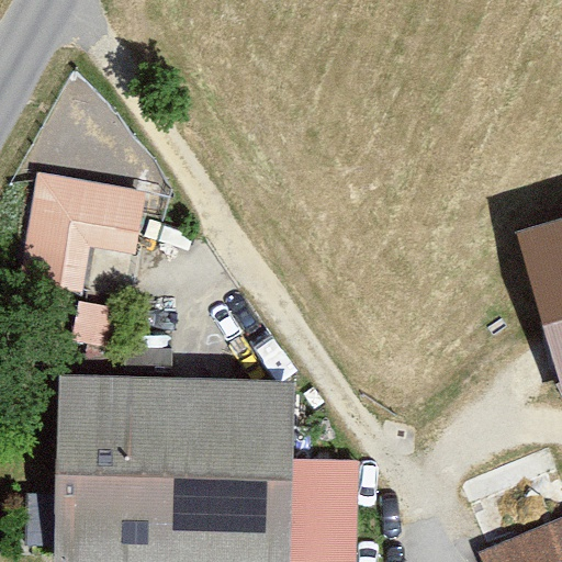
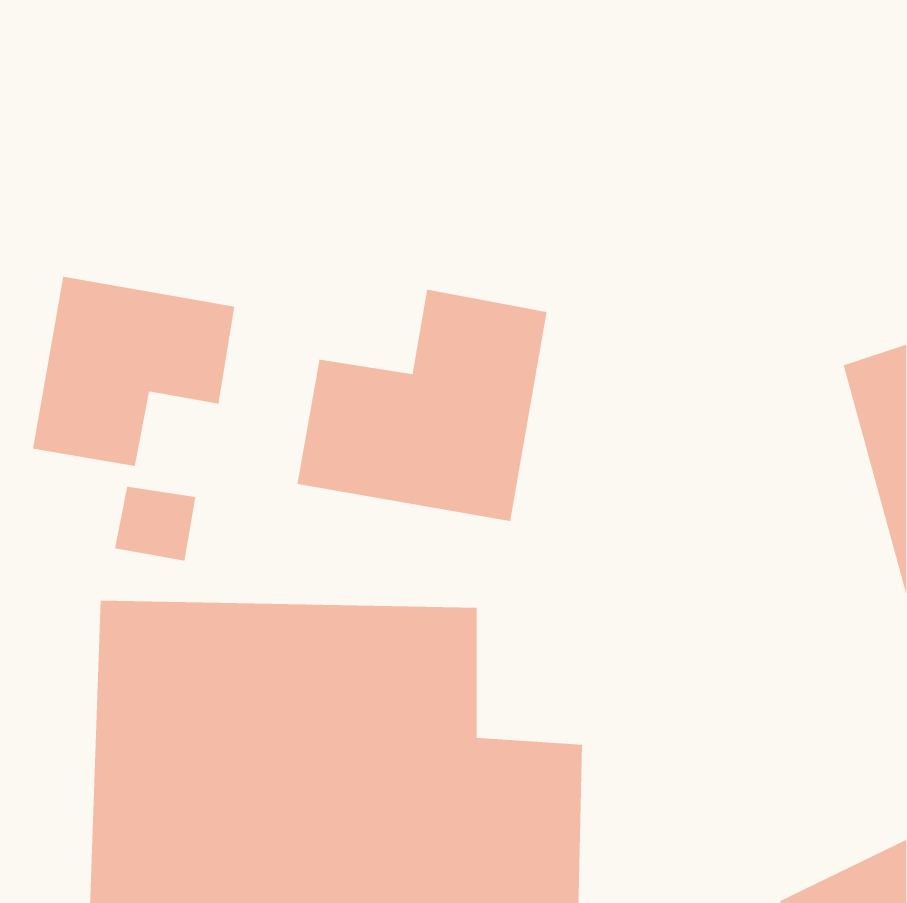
building: none -> [297,289,547,522]

